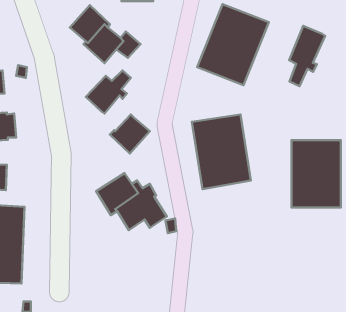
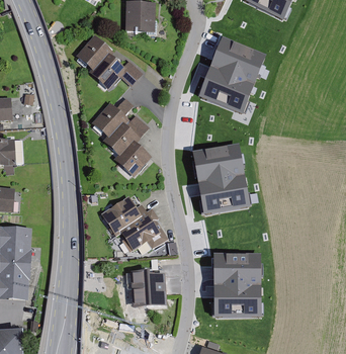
building: [289,26,325,86] -> none
building: none -> [102,113,149,156]
building: [292,140,341,207] -> [212,250,260,315]
building: none -> [125,270,167,307]

